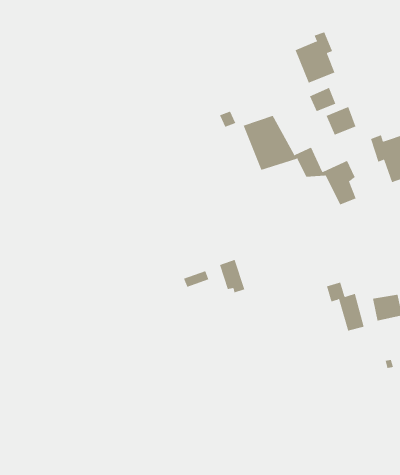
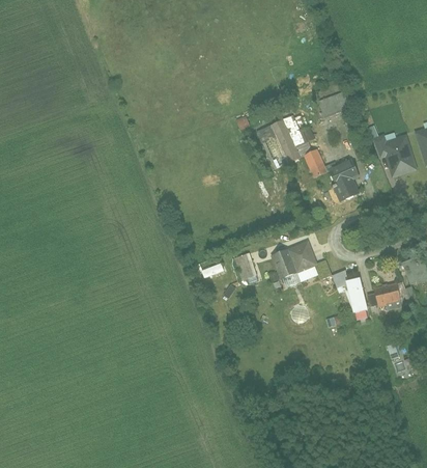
building: [295,31,335,84] -> none
building: [326,106,356,135] -> none
building: none -> [271,238,318,278]

